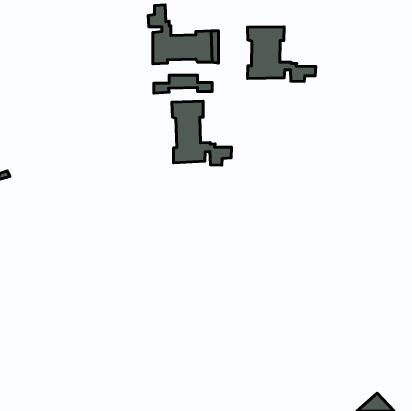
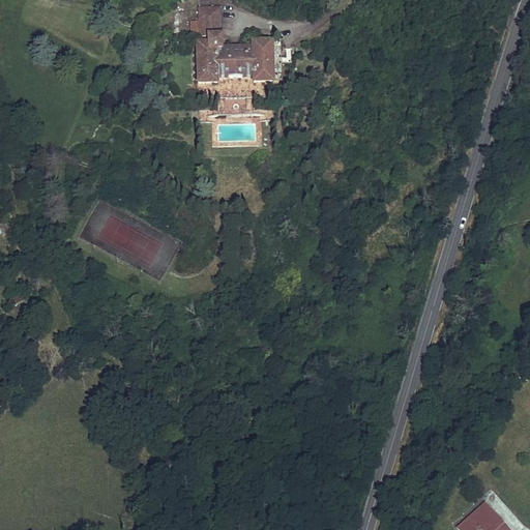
building: [247,27,316,82] -> none
building: [172,101,231,165] -> none

